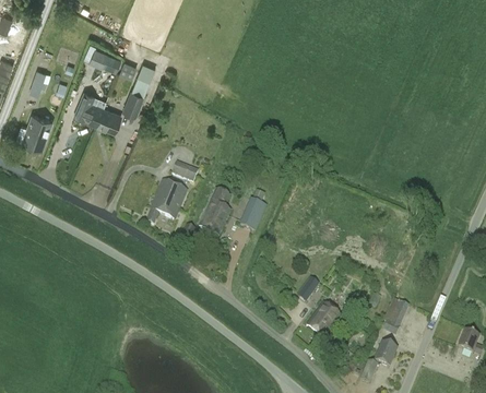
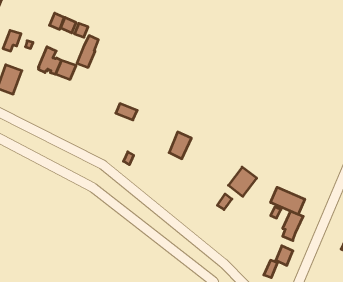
building: [144,178,186,223] -> none
building: [198,187,232,234] -> none
building: none -> [271,187,305,214]
building: [306,300,342,337] -> [228,167,257,196]

